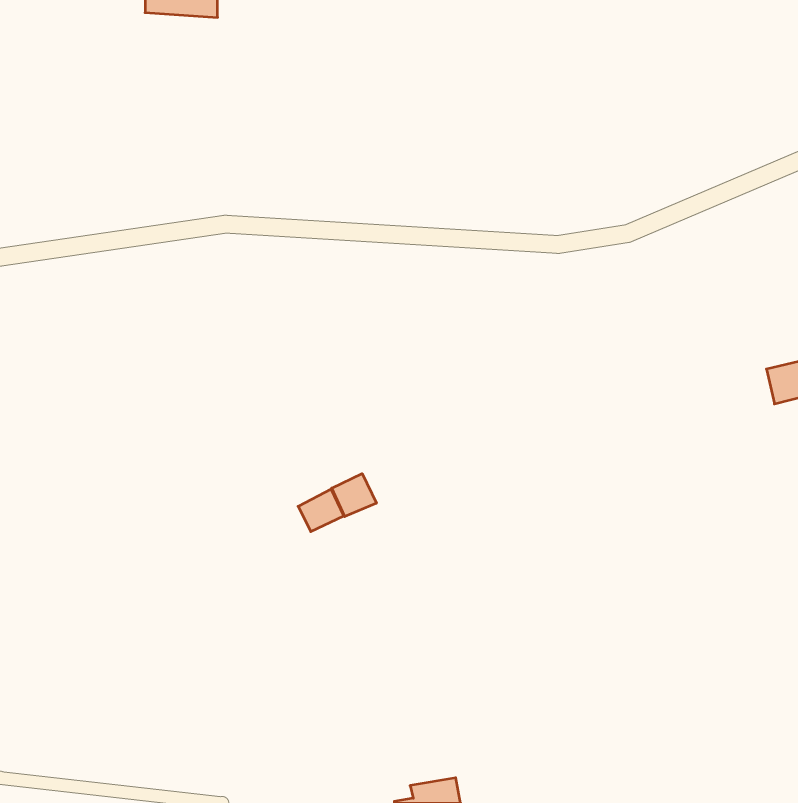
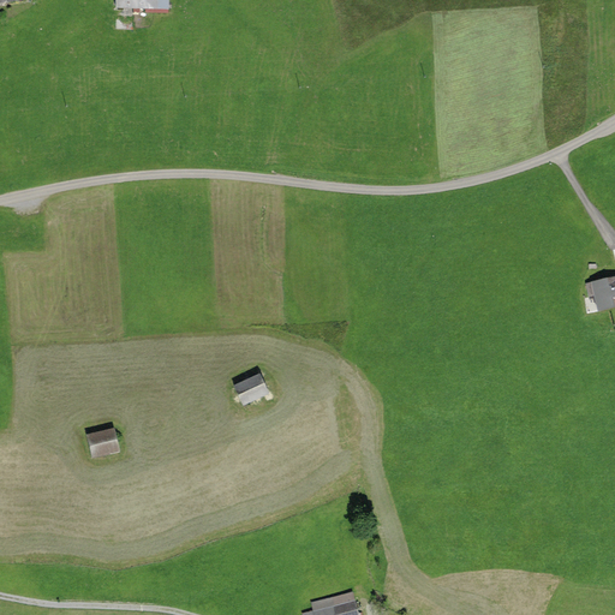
building: [332,474,376,517] -> none
building: none -> [86,428,120,455]

